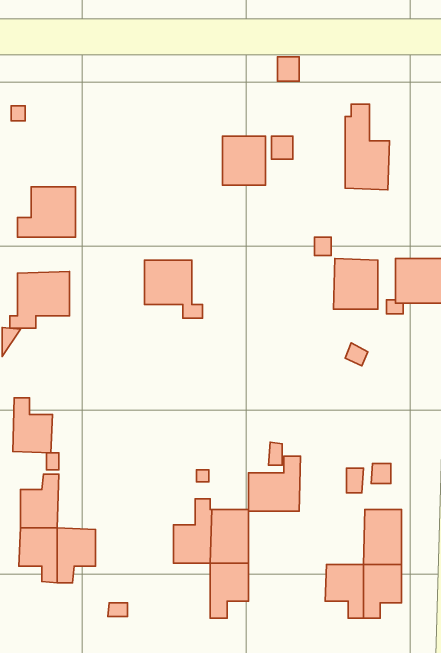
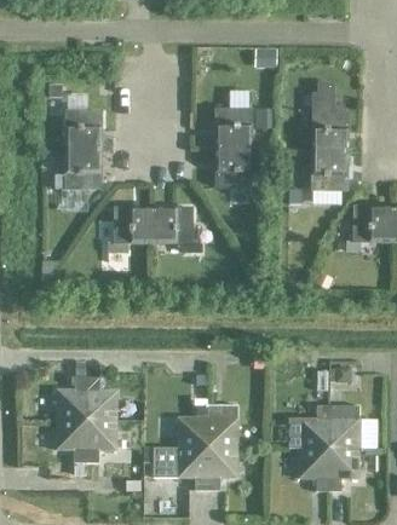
building: none -> [64,111,99,150]
building: none -> [215,149,259,188]
building: [333,259,378,309] -> [311,151,346,191]
building: [10,272,70,328] -> [107,208,154,253]
building: [13,398,53,453] -> [85,377,116,421]
building: [249,456,301,511] -> [287,405,328,449]
building: none -> [153,448,206,491]

